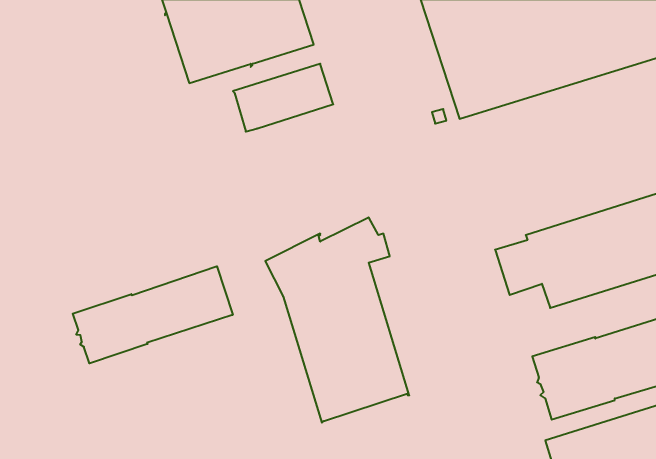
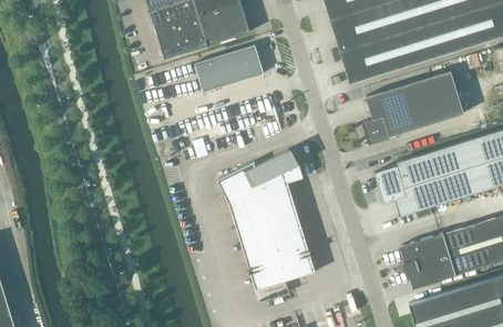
building: none -> [362,71,464,144]
building: [73,266,233,363] -> none

